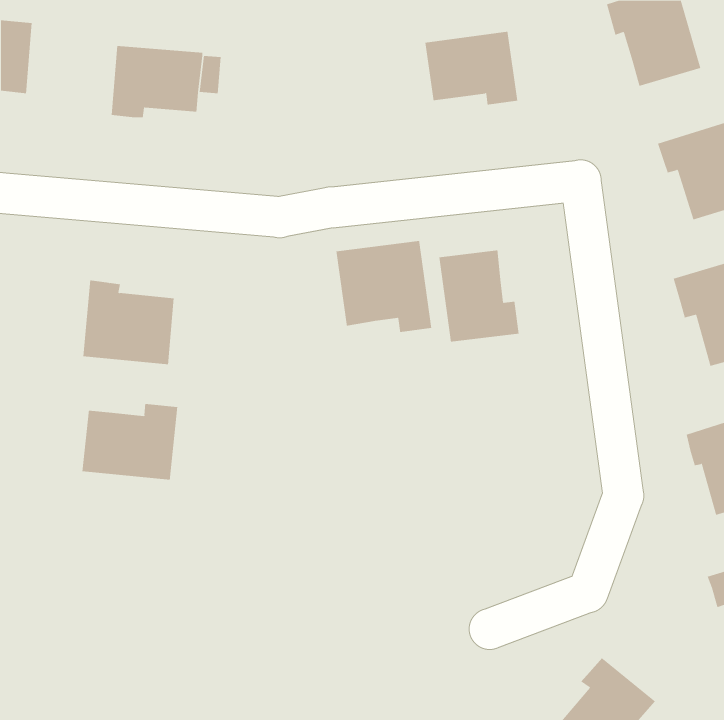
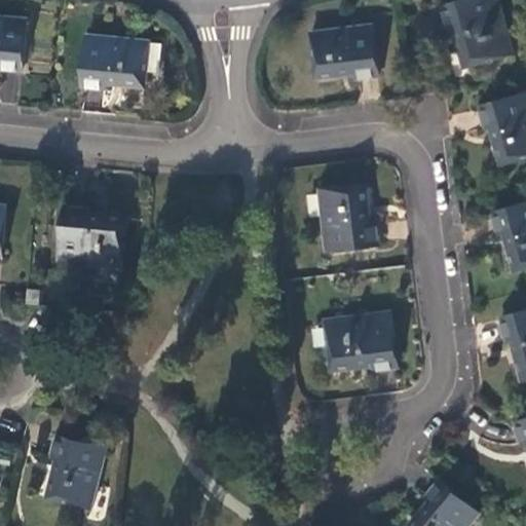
building: [336,240,432,333] -> none
building: [82,403,178,481] -> none
building: none -> [327,313,396,371]
building: none -> [49,437,107,510]

